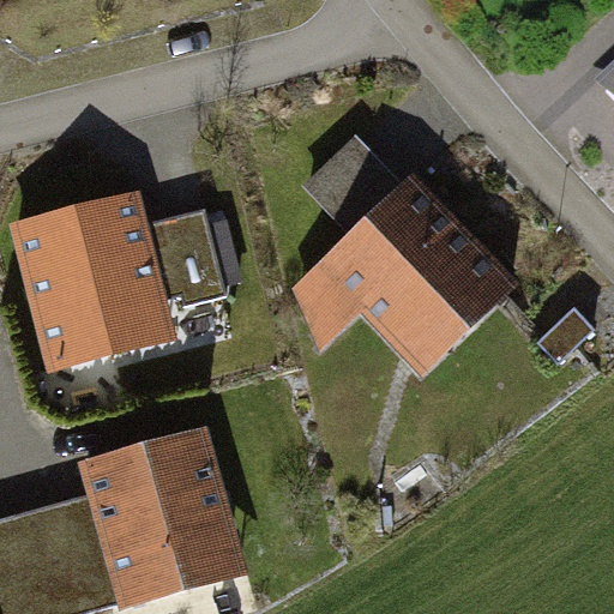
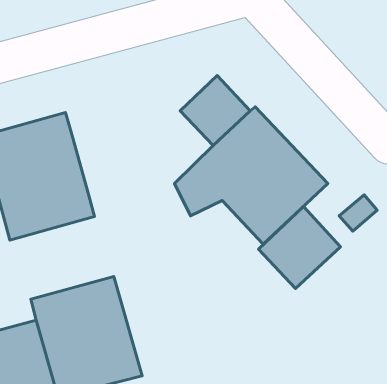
building: [143,206,227,311] -> none
building: none -> [258,206,340,289]

